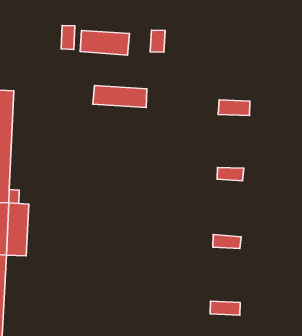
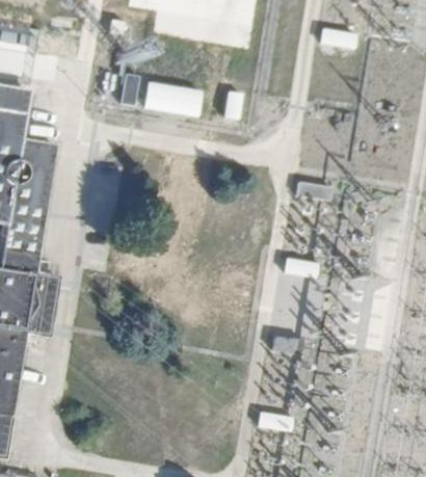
building: [93,85,147,108] -> none

